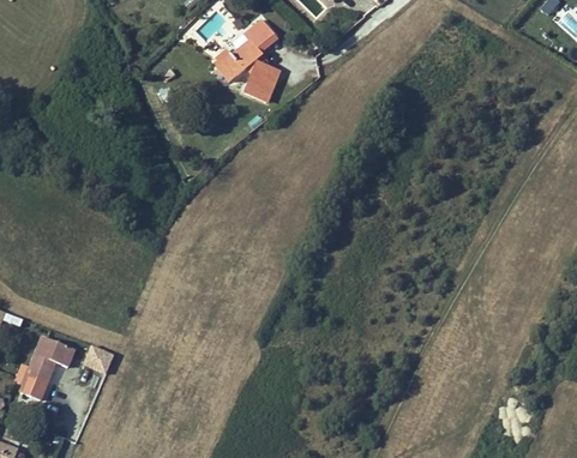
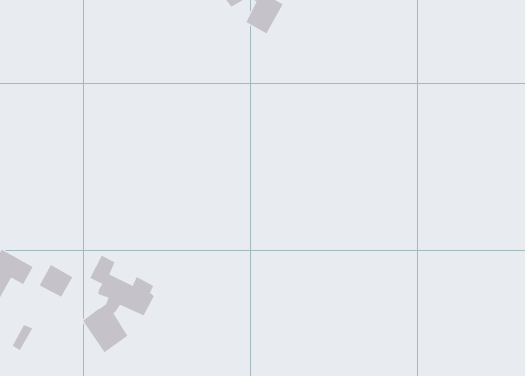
building: none -> [82,255,155,353]

